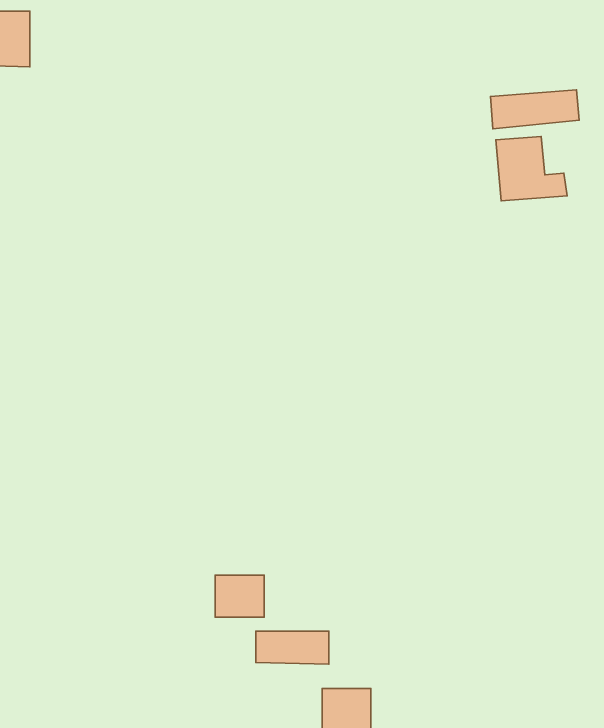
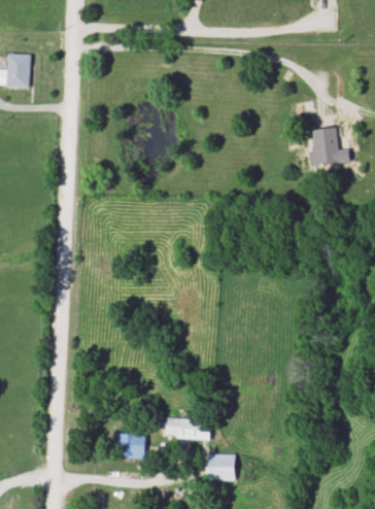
building: [490,90,579,129] -> none
building: [215,575,264,617] -> [115,434,144,459]

